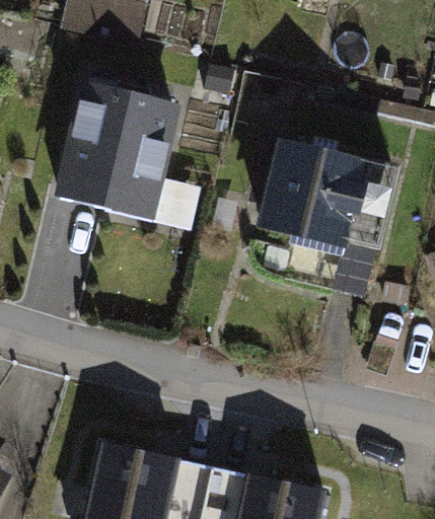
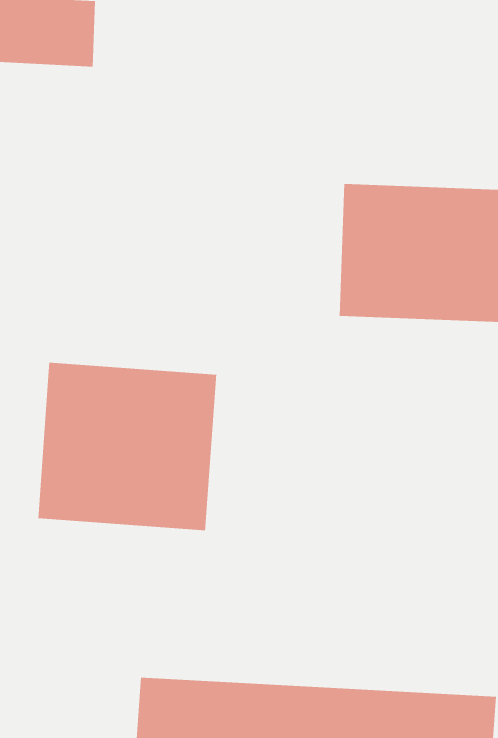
building: [63,97,173,226] -> none
building: none -> [38,362,217,531]

